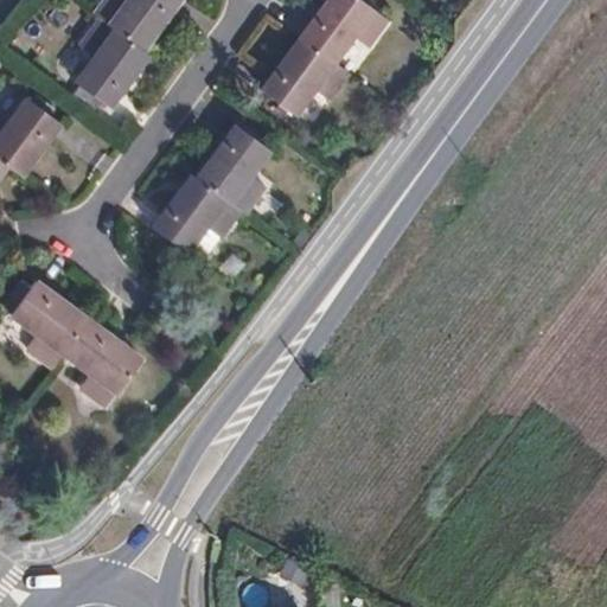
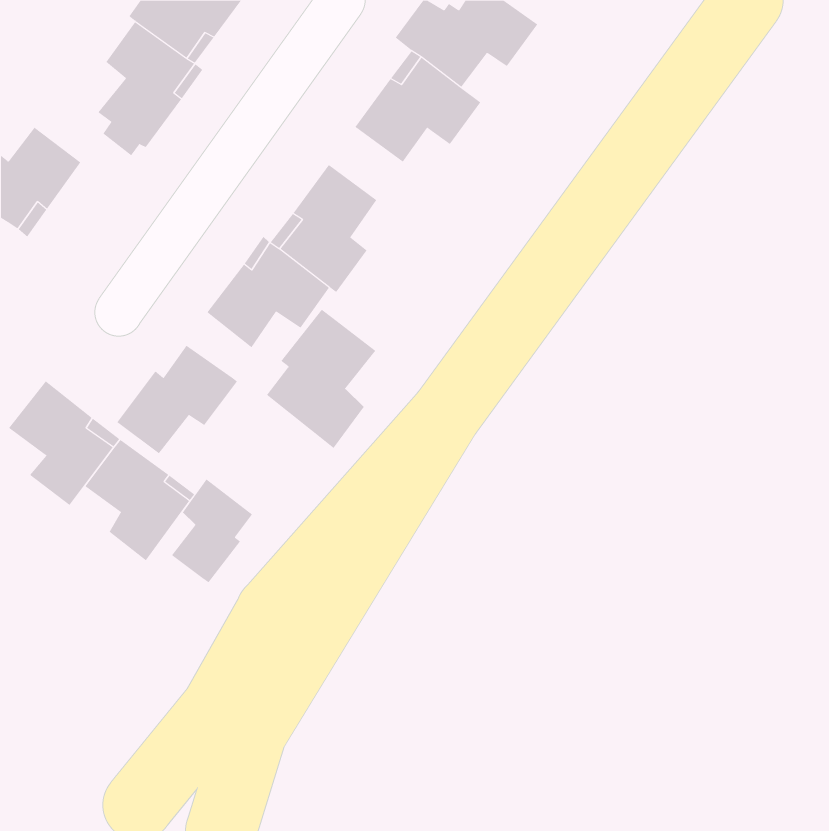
building: none -> [266,309,376,449]
building: none -> [117,345,238,454]
building: none -> [171,479,253,583]

